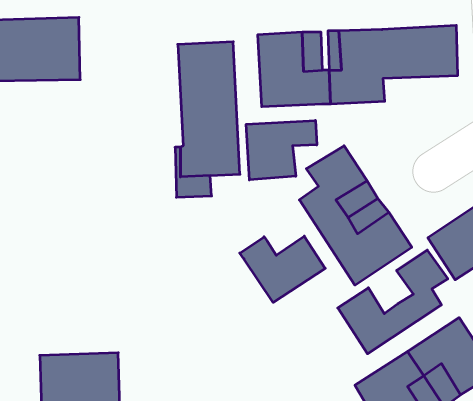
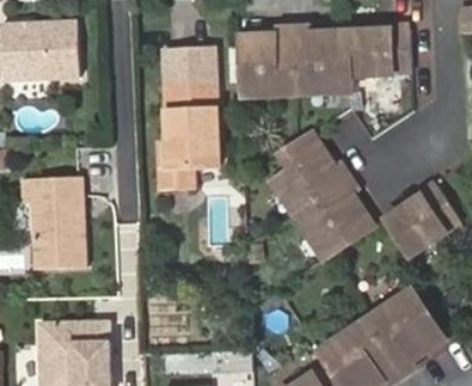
building: [246,120,317,180] -> none
building: none -> [19,176,86,270]
building: [240,236,325,302] -> none
building: [338,250,448,354] -> none

